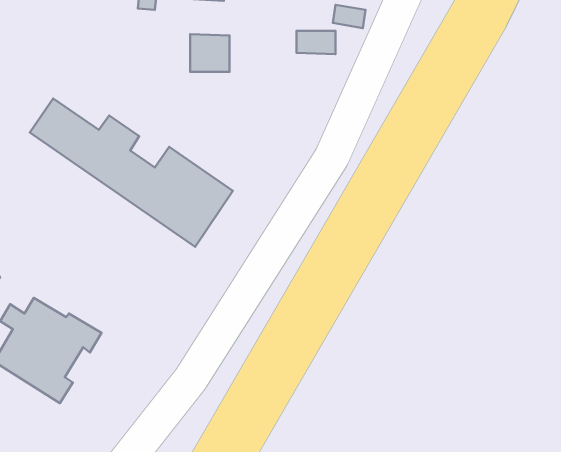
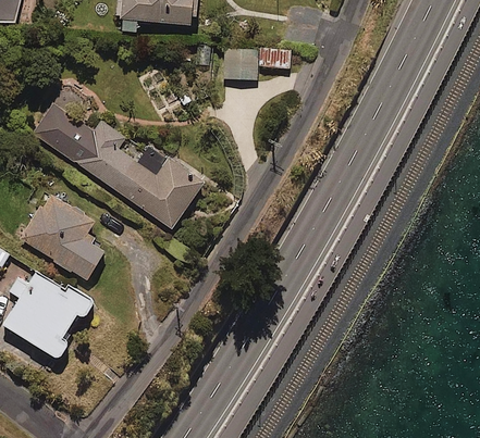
building: [190,34,229,72] -> [224,48,257,79]
building: none -> [21,193,104,280]

